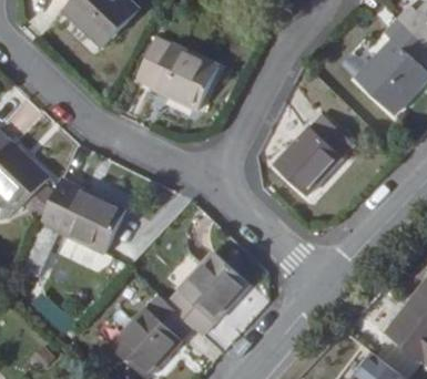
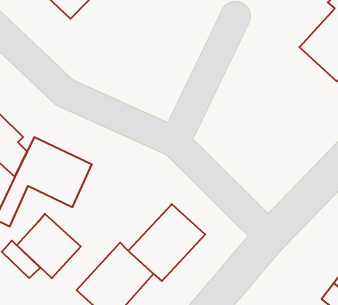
building: [133,34,220,111] -> none
building: [272,112,355,197] -> none
building: none -> [17,214,81,278]

